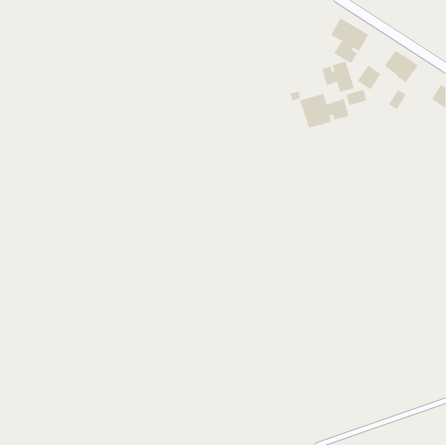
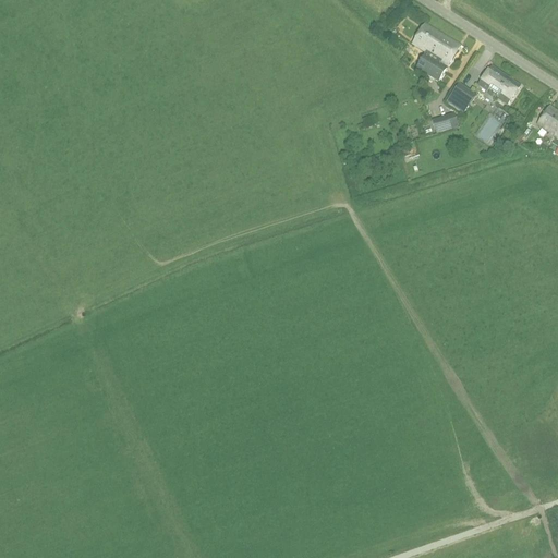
building: [322,61,354,92] -> none
building: [300,93,349,129] -> none

